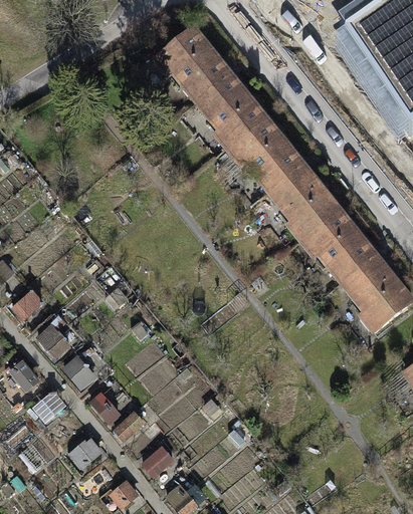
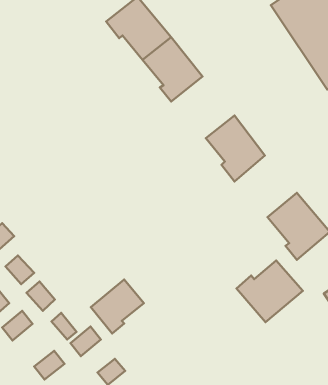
building: [228,118,301,190] -> none
building: [301,210,374,281] -> none
building: none -> [237,260,303,322]
building: none -> [91,279,144,333]

